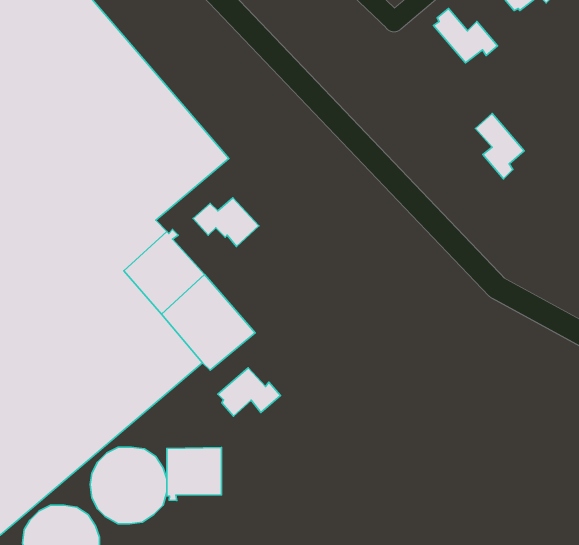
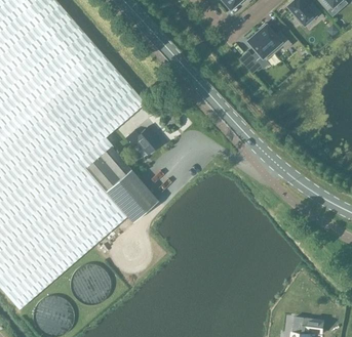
building: [475,113,524,179] -> [246,32,273,68]
building: [218,368,281,416] -> none
building: [167,447,222,501] -> none

